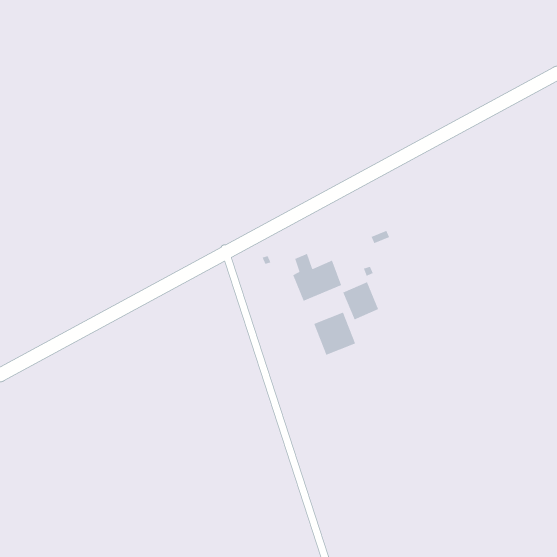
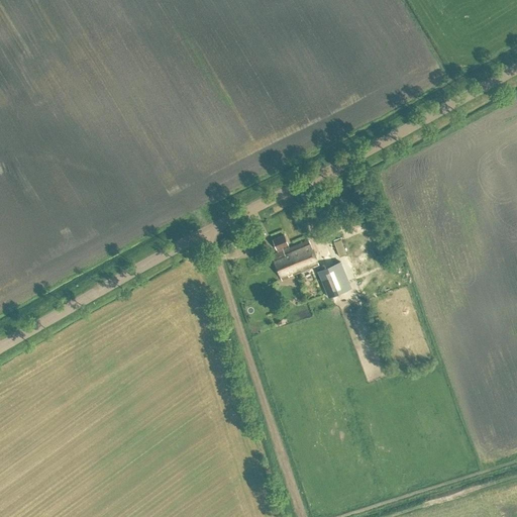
building: [313,311,356,356] -> none

